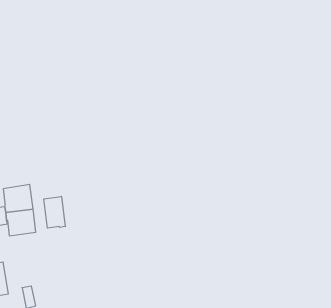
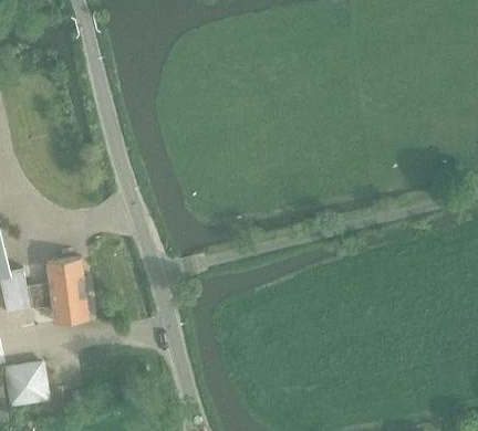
building: [44,196,65,228] -> none

